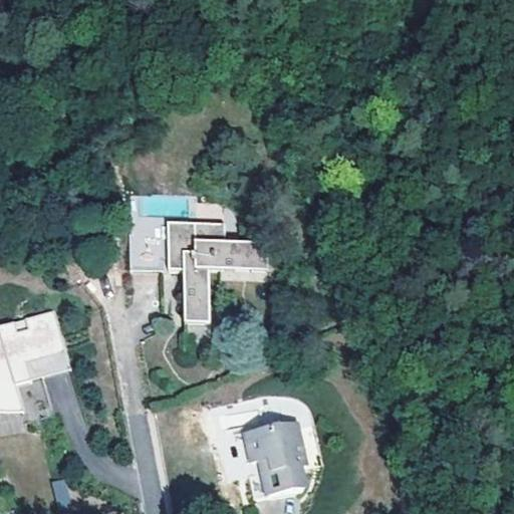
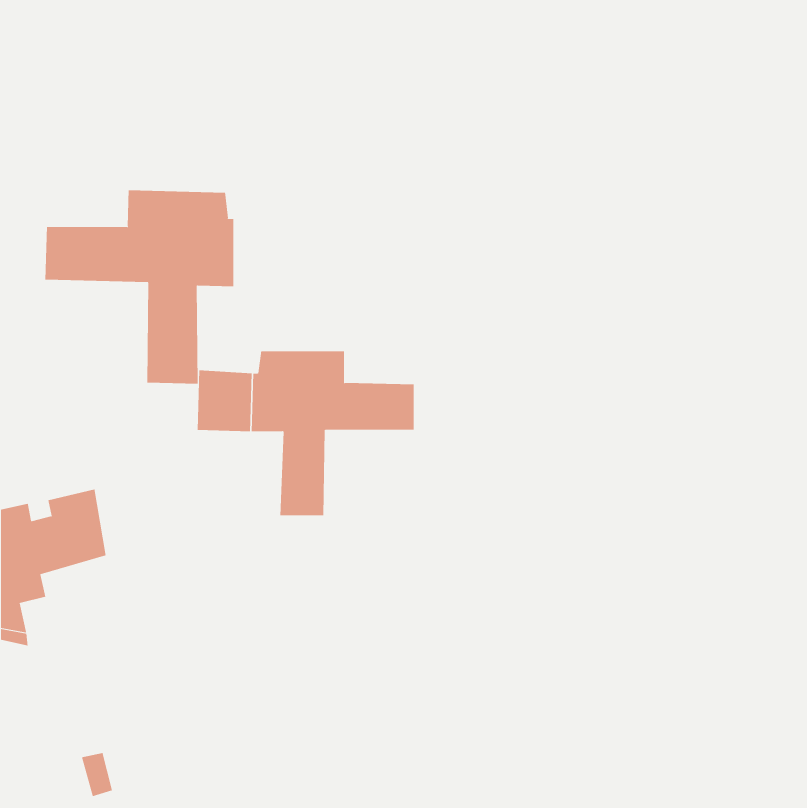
building: none -> [45,190,234,384]
building: [248,418,315,497] -> none

